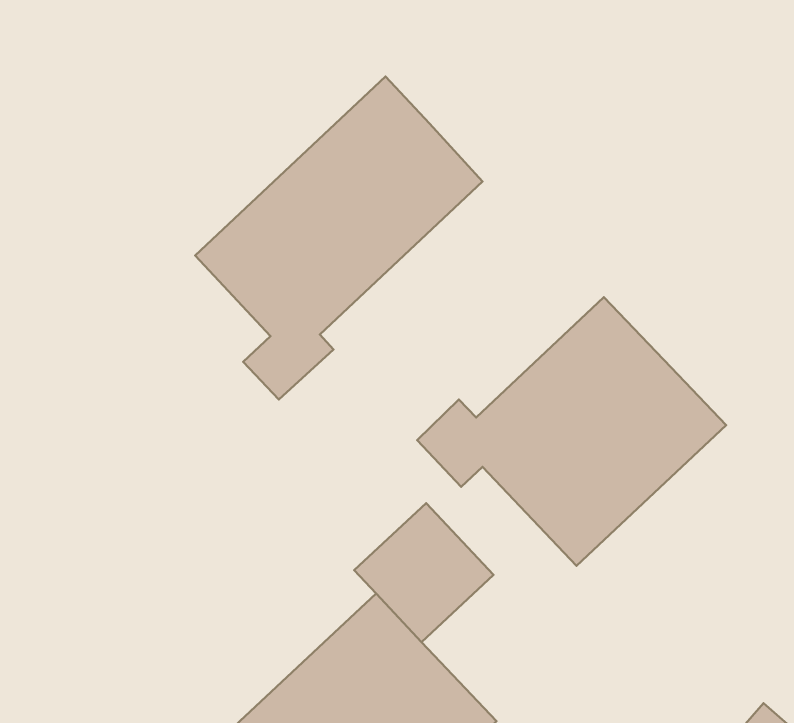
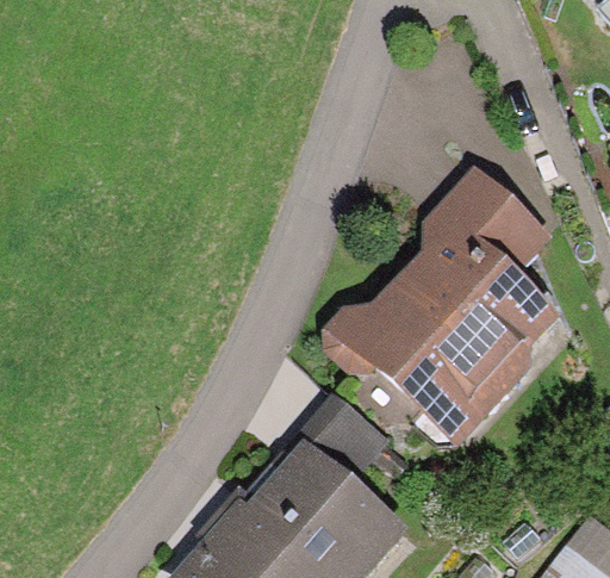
building: [195,76,483,399] -> none
building: none -> [446,176,543,280]

